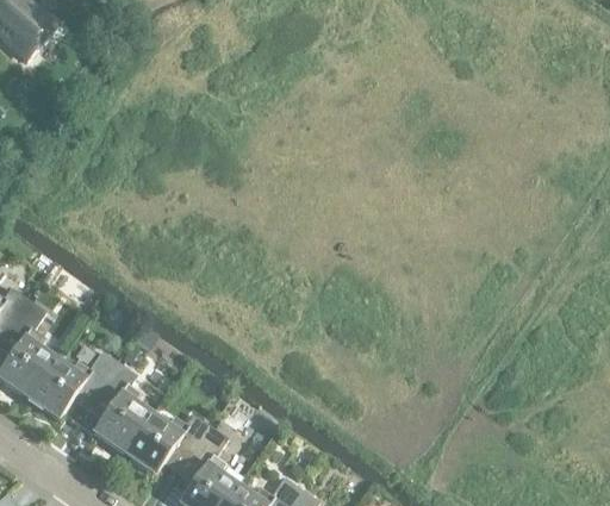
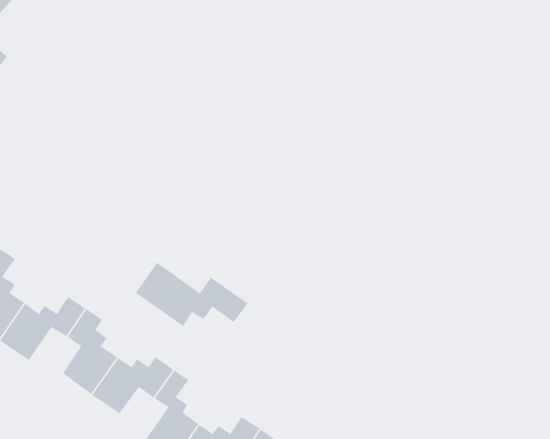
building: none -> [135,262,248,327]

